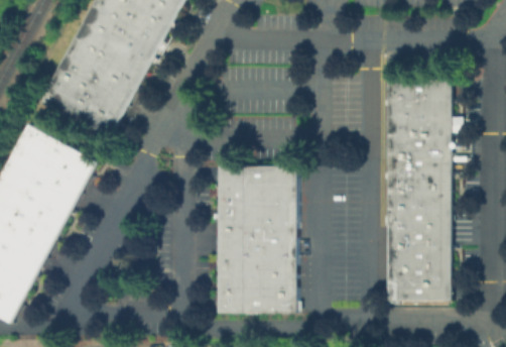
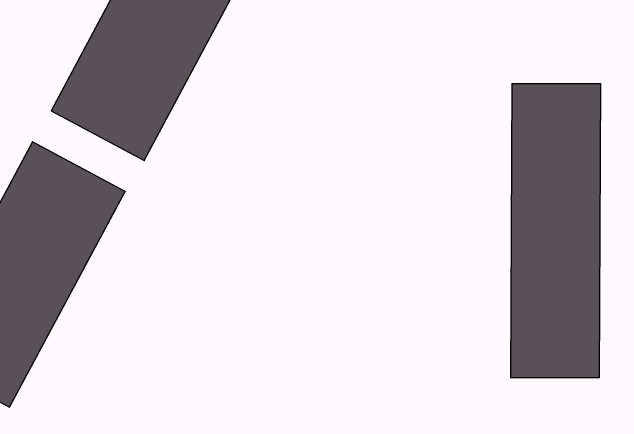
building: [219,165,298,313] -> none

